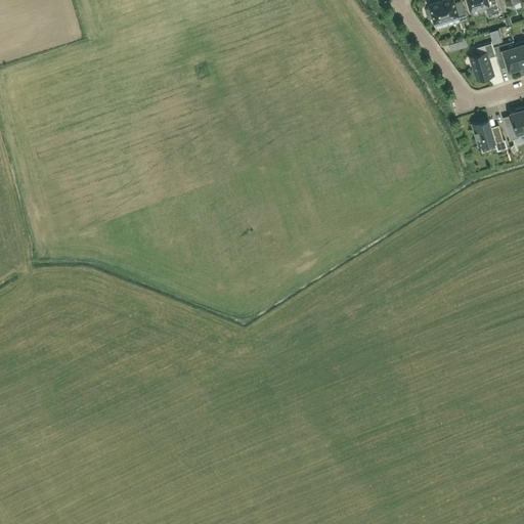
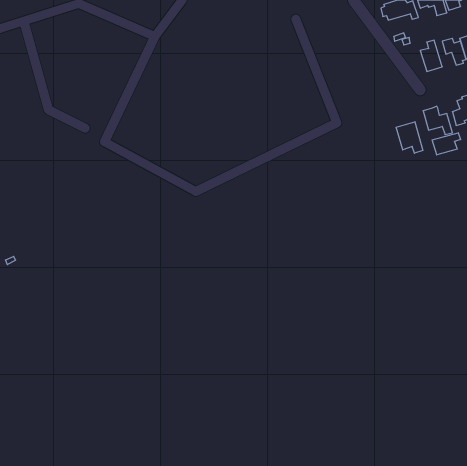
building: none -> [396,122,423,153]
building: none -> [432,133,461,155]

